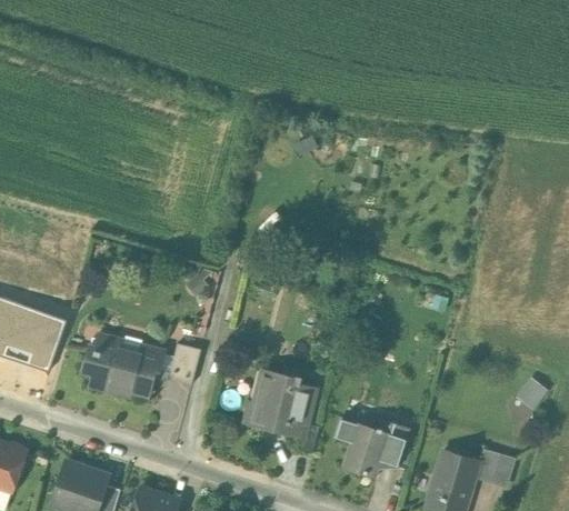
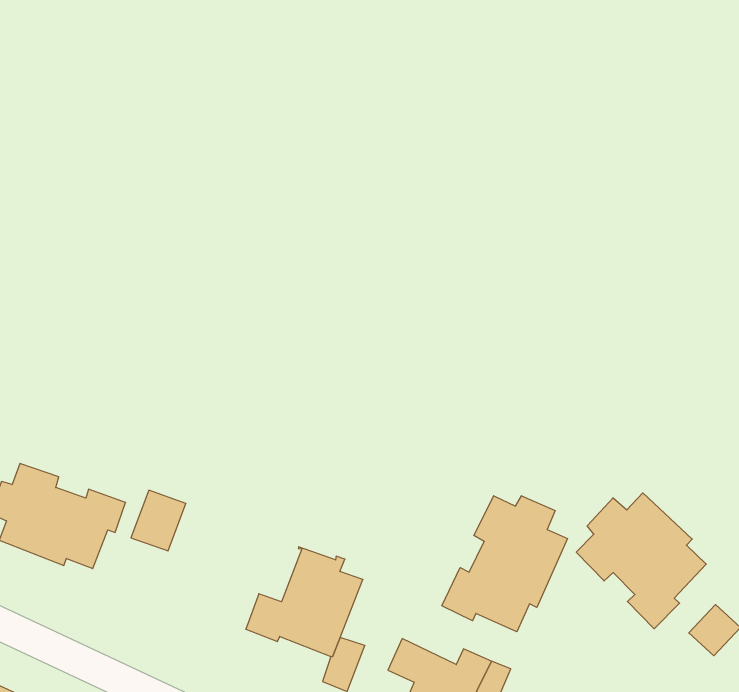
building: none -> [576,493,706,629]
building: none -> [442,496,568,632]

